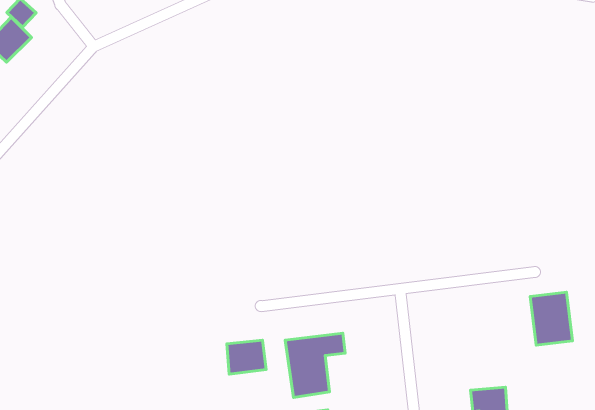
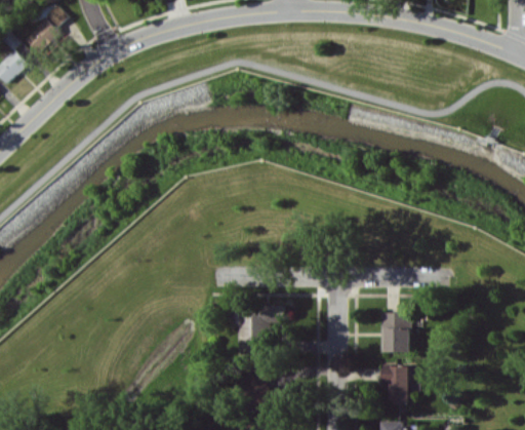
building: [530,292,573,345] -> [380,312,410,352]
building: [227,340,266,374] -> none

